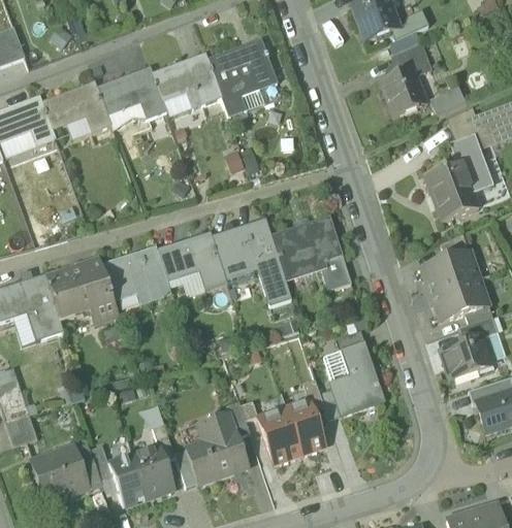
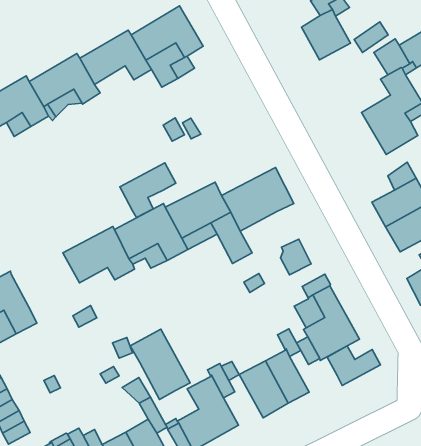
building: [162,88,202,117] -> none
building: none -> [120,163,176,217]
building: [320,255,350,289] -> [280,239,311,275]
building: [45,259,118,322] -> none
building: none -> [130,329,190,400]
building: none -> [327,346,381,386]

